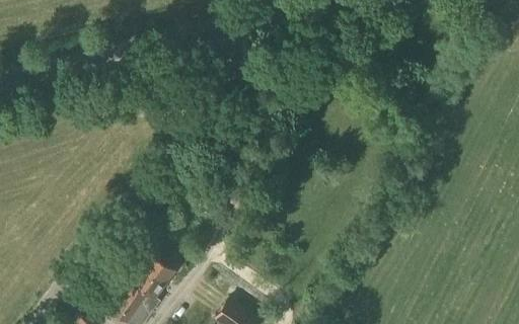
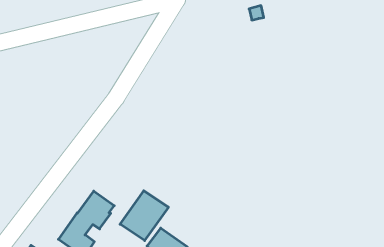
building: none -> [120,191,168,241]

